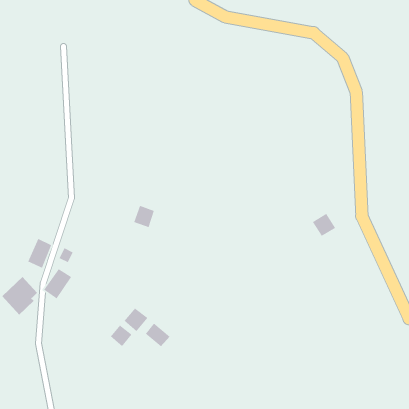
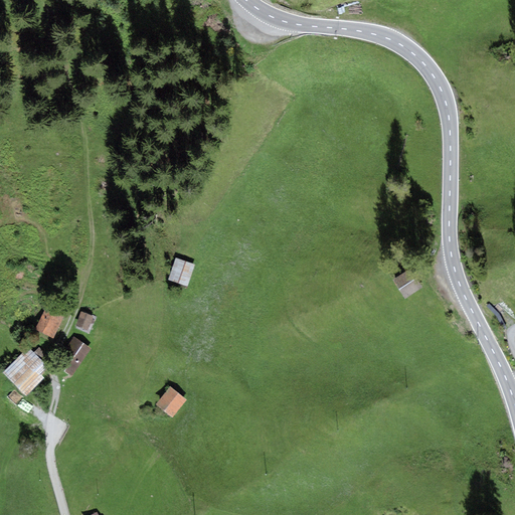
building: [145,323,171,347] -> none
building: [110,325,133,347] -> none

